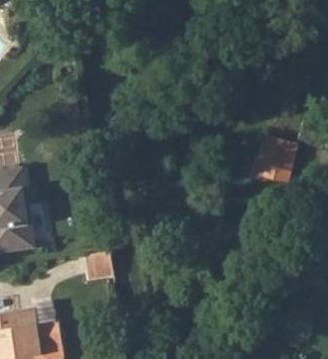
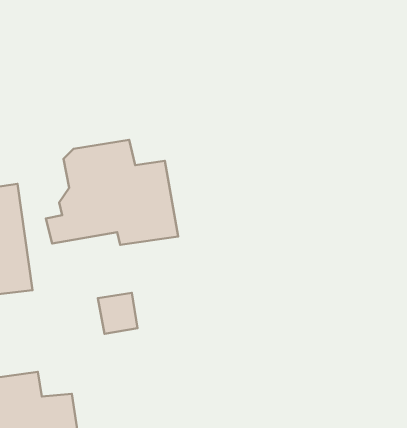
building: none -> [46,140,178,245]
building: [246,135,295,182] -> none

